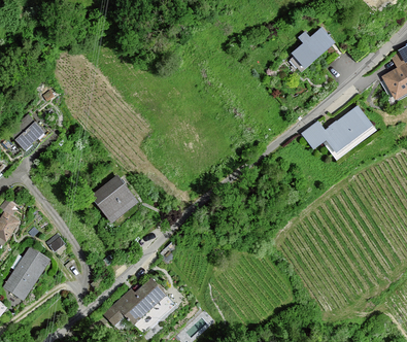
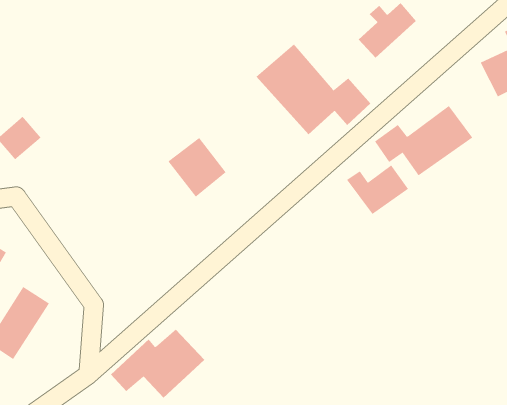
building: none -> [255,44,371,135]
building: none -> [346,164,409,215]
building: [91,176,136,223] -> [167,137,226,198]

